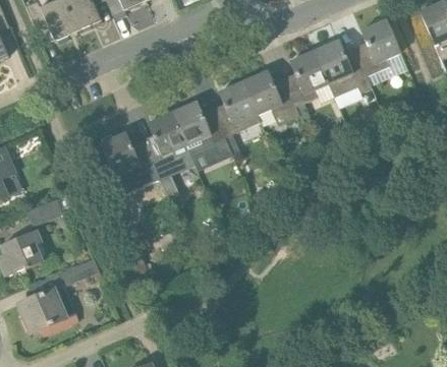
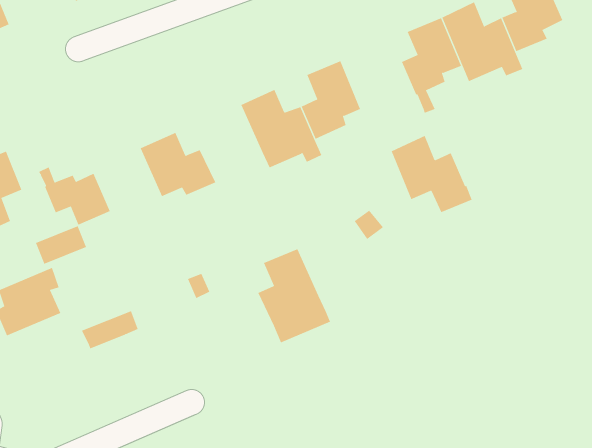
building: [243,70,301,125] -> [391,135,473,213]
building: [144,113,195,180] -> [257,248,331,343]
building: none -> [39,160,110,226]
building: [17,287,67,334] -> none

